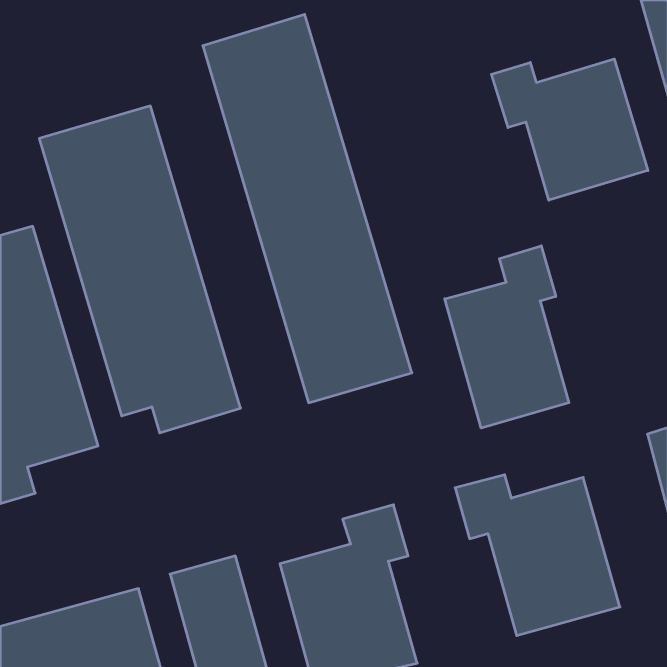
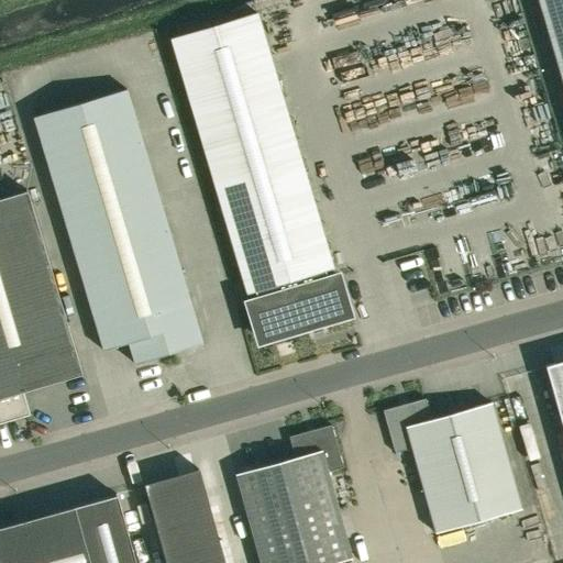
building: [491,59,648,200] -> none
building: [445,246,569,428] -> none

